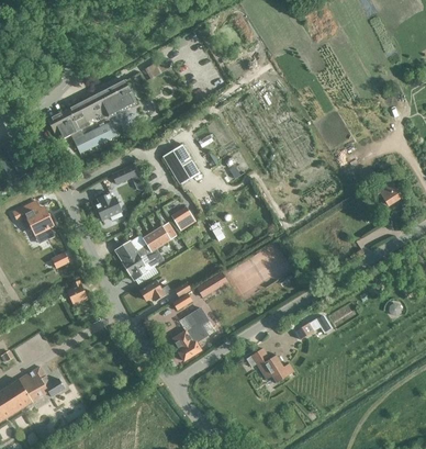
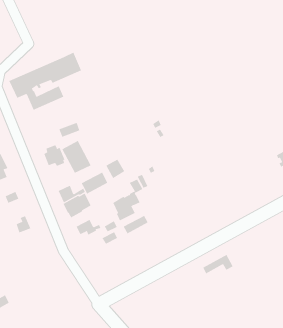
building: [162,144,200,184] -> [61,140,91,174]
building: [172,308,209,361] -> [112,179,143,221]
building: [246,348,293,382] -> none

